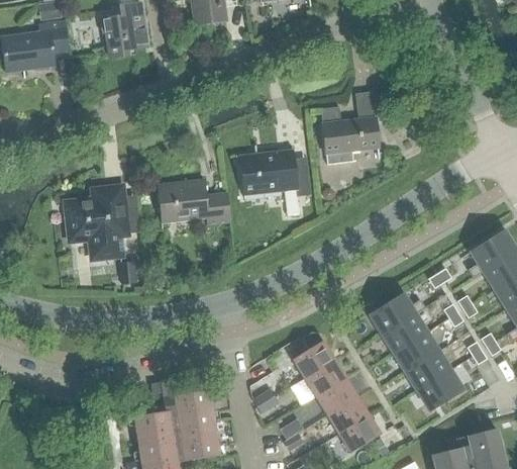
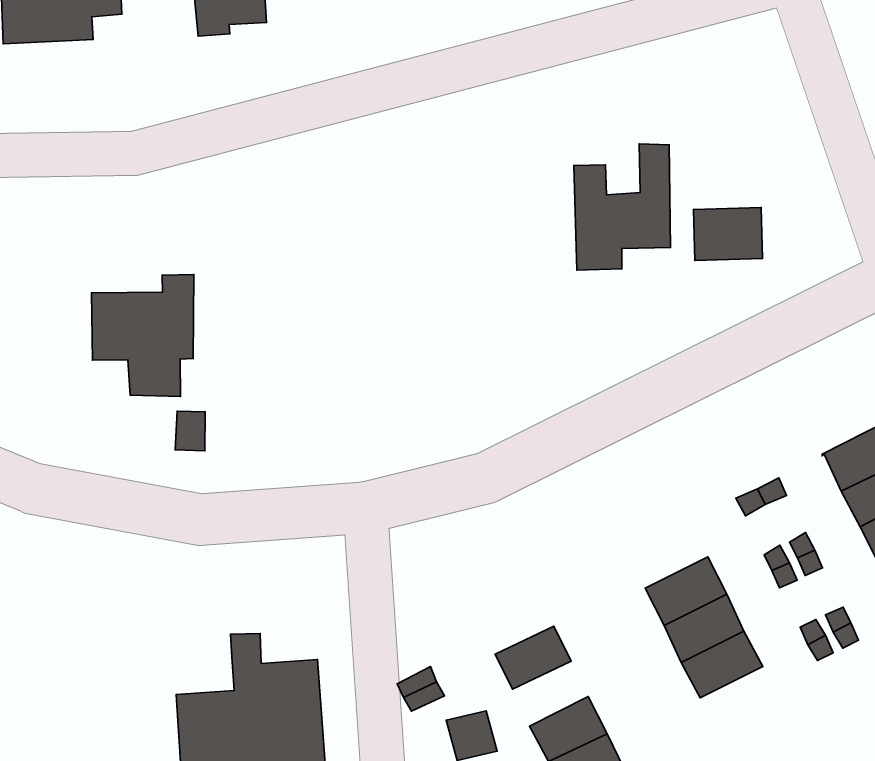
building: none -> [694,208,762,260]
building: [241,149,300,196] -> none
building: [160,179,232,224] -> none
building: [370,293,415,334] -> none
building: [293,333,335,377] -> none
building: [418,370,463,410] -> none
building: [316,377,357,414] -> none

